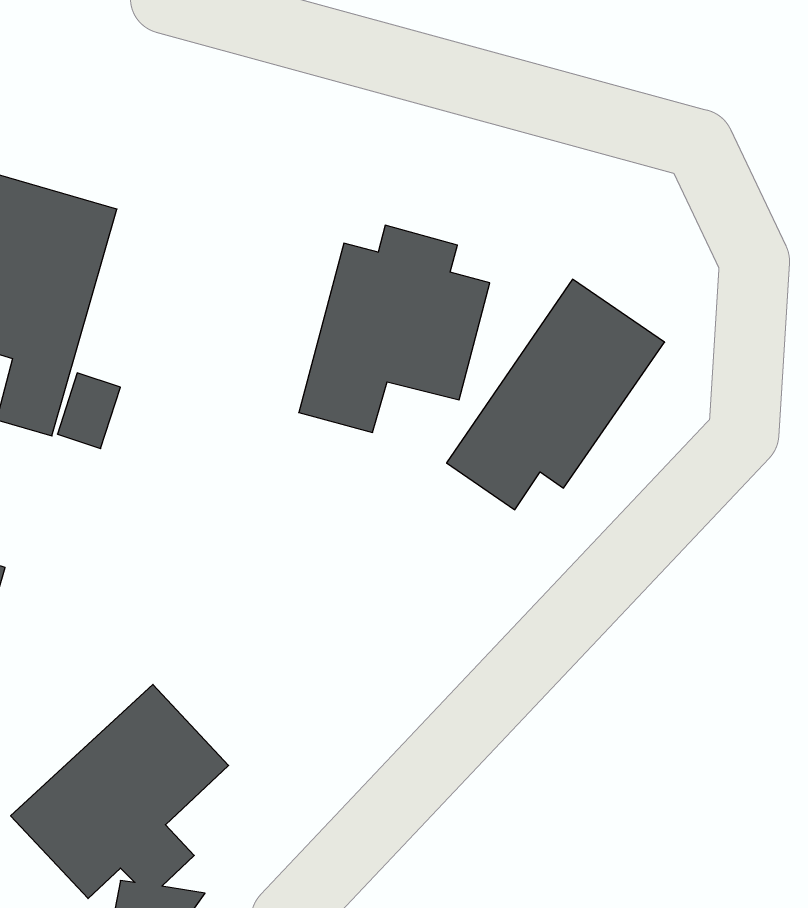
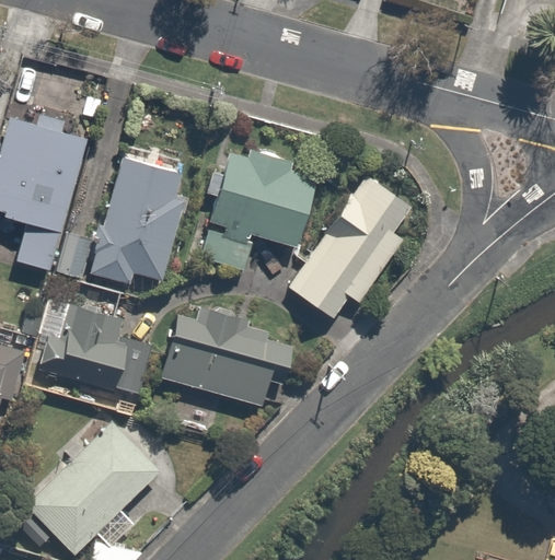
building: none -> [91,158,193,281]
building: none -> [35,306,130,386]
building: none -> [160,306,294,408]

